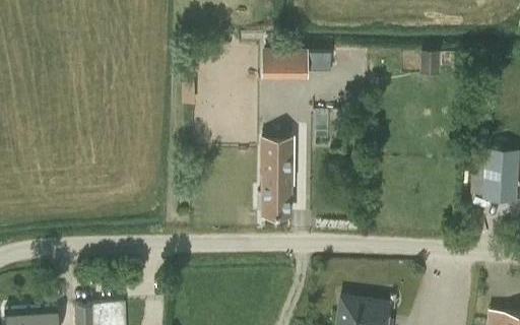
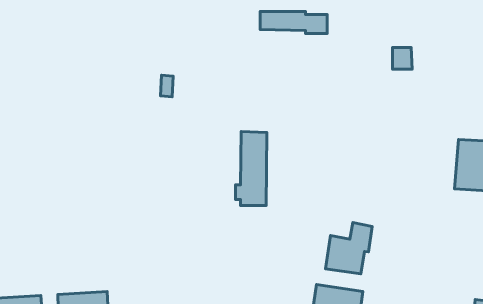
building: [260,50,329,72] -> [260,12,327,33]
building: none -> [325,223,372,274]

